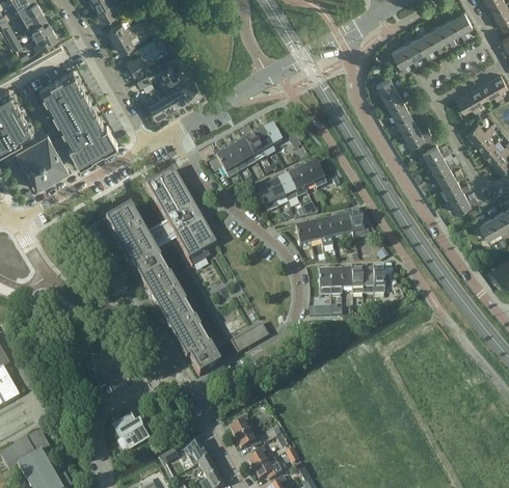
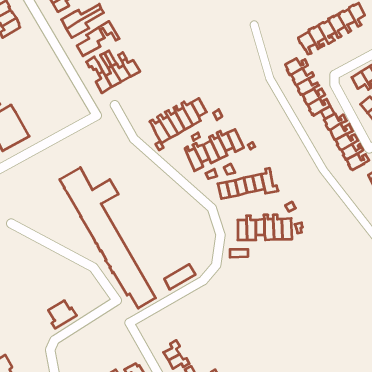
building: [39,69,117,164] -> none
building: [145,170,216,260] -> none
building: [112,414,146,448] -> [48,301,77,328]

